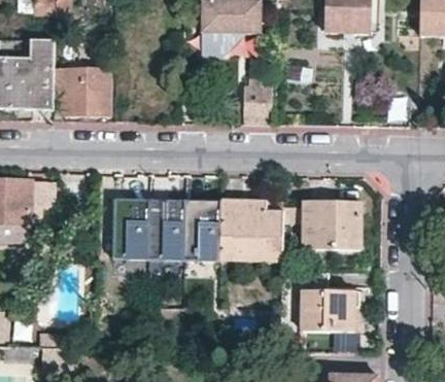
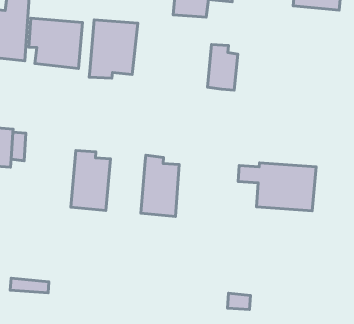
building: none -> [89,20,138,78]
building: [147,198,184,257] -> none
building: [219,199,282,258] -> none
building: [300,287,356,329] -> none

